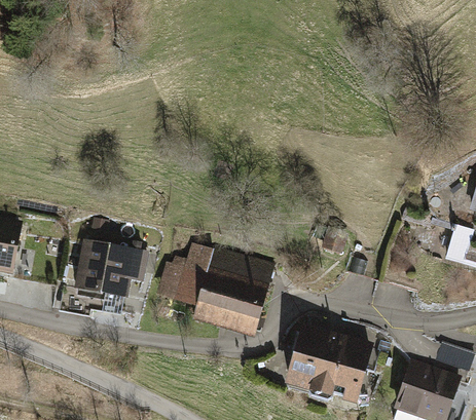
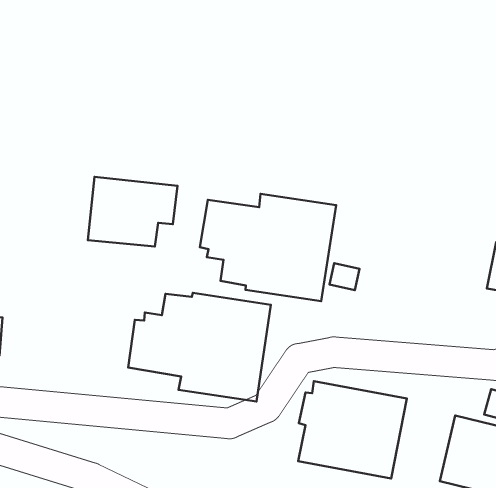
building: none -> [200,194,336,301]
building: [74,238,148,297] -> [88,177,178,247]

